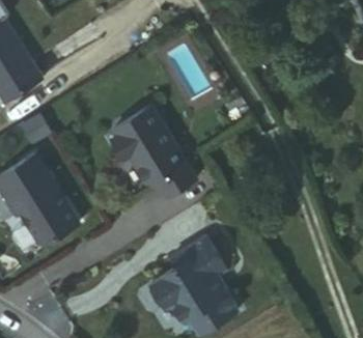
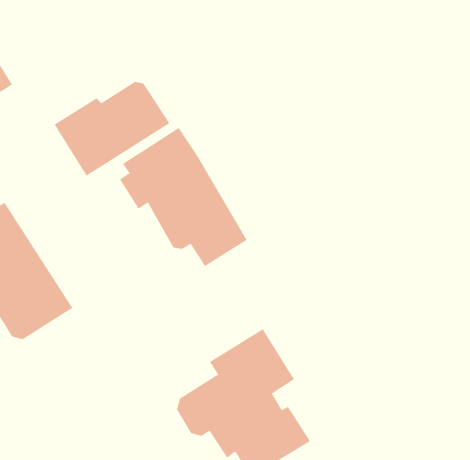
building: none -> [54,81,170,176]

